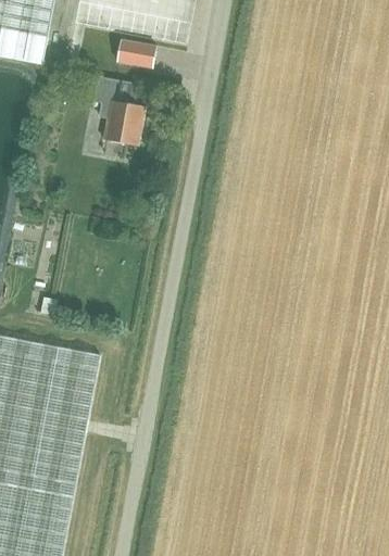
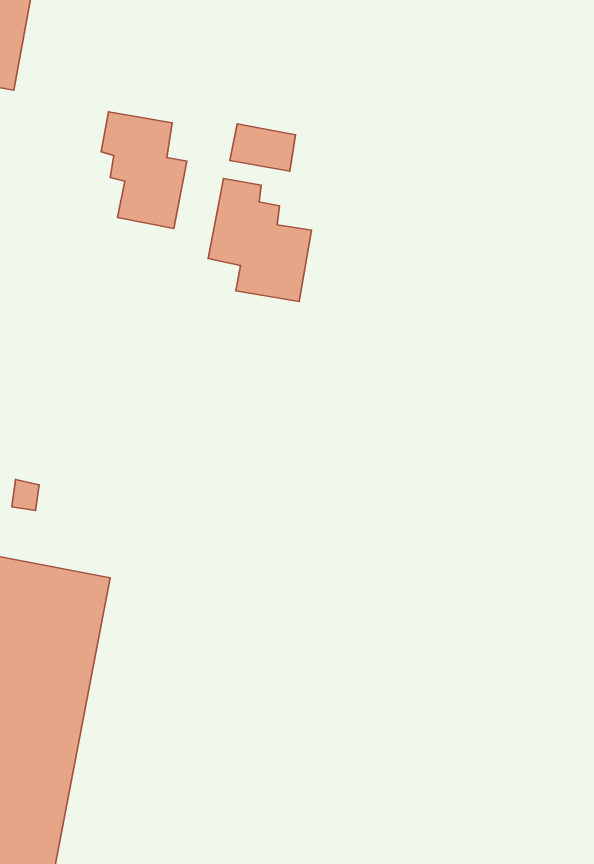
building: [117,41,156,70] -> [230,124,295,171]
building: none -> [208,178,312,302]

